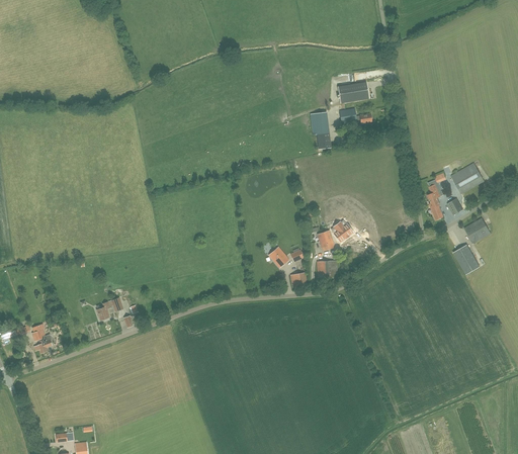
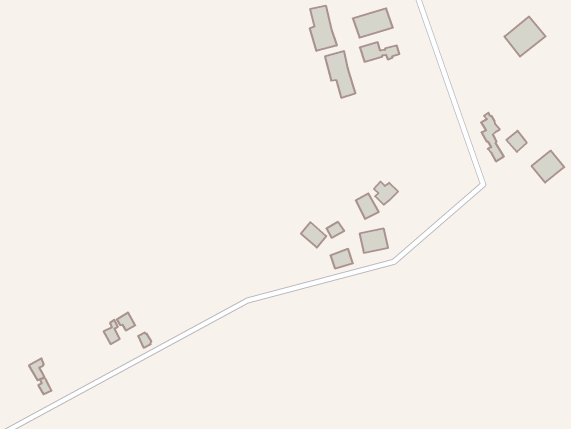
building: none -> [310,6,337,51]
building: [450,162,484,193] -> [504,17,546,57]
building: [452,244,479,274] -> none

